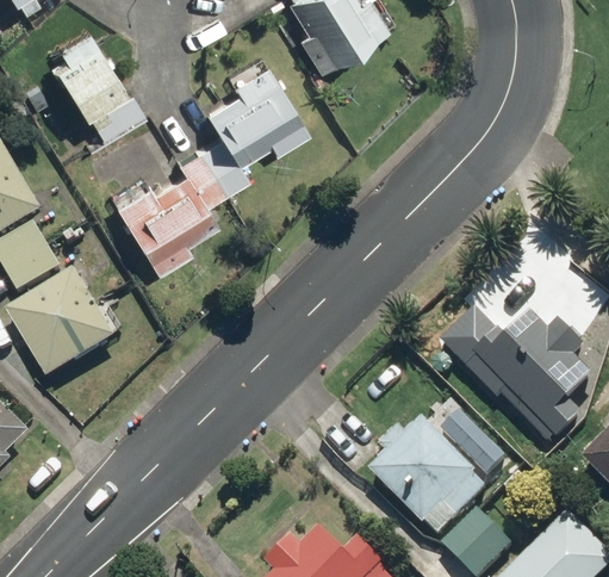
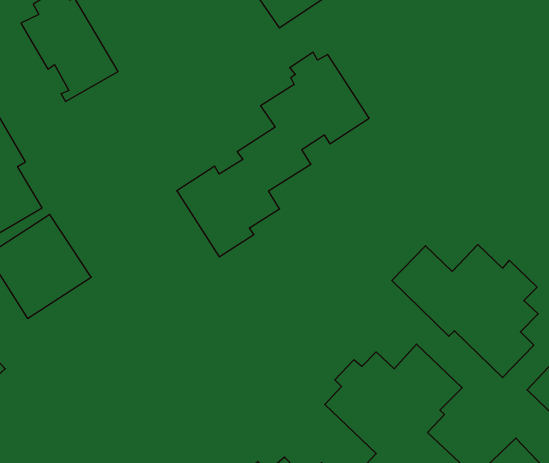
building: [107,57,312,275] -> [177,52,369,257]

